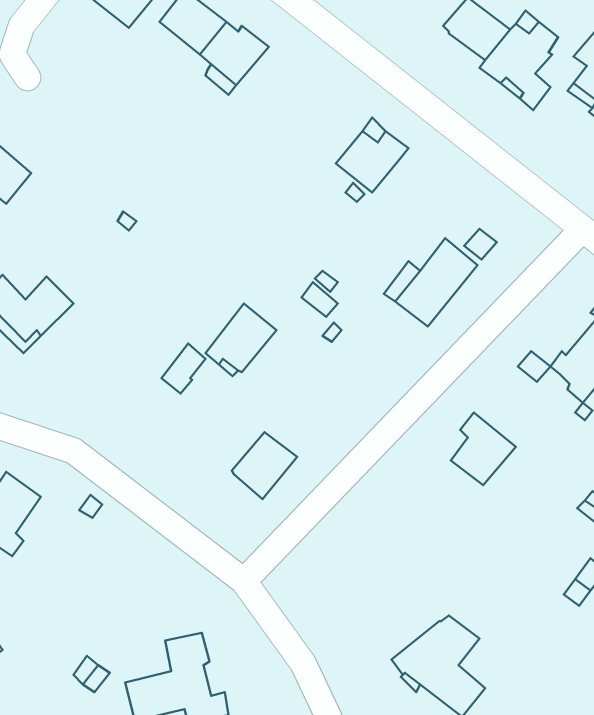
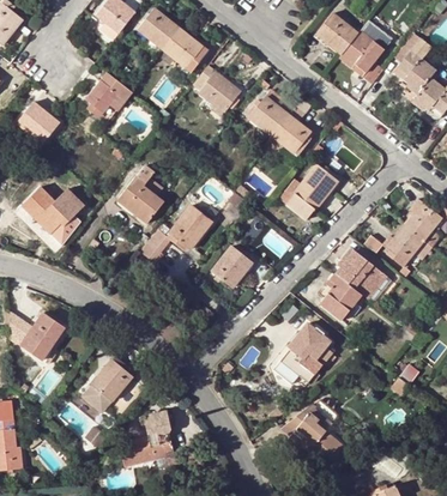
building: none -> [194,66,241,111]
building: none -> [87,73,133,123]
building: none -> [265,115,312,156]
building: none -> [117,176,164,223]
building: none -> [336,250,391,303]
building: [232,432,297,499] -> [212,246,253,288]
building: none -> [276,339,334,383]
building: none -> [80,355,137,415]

